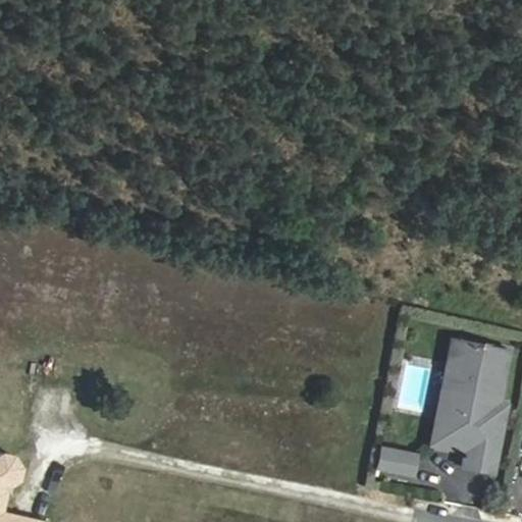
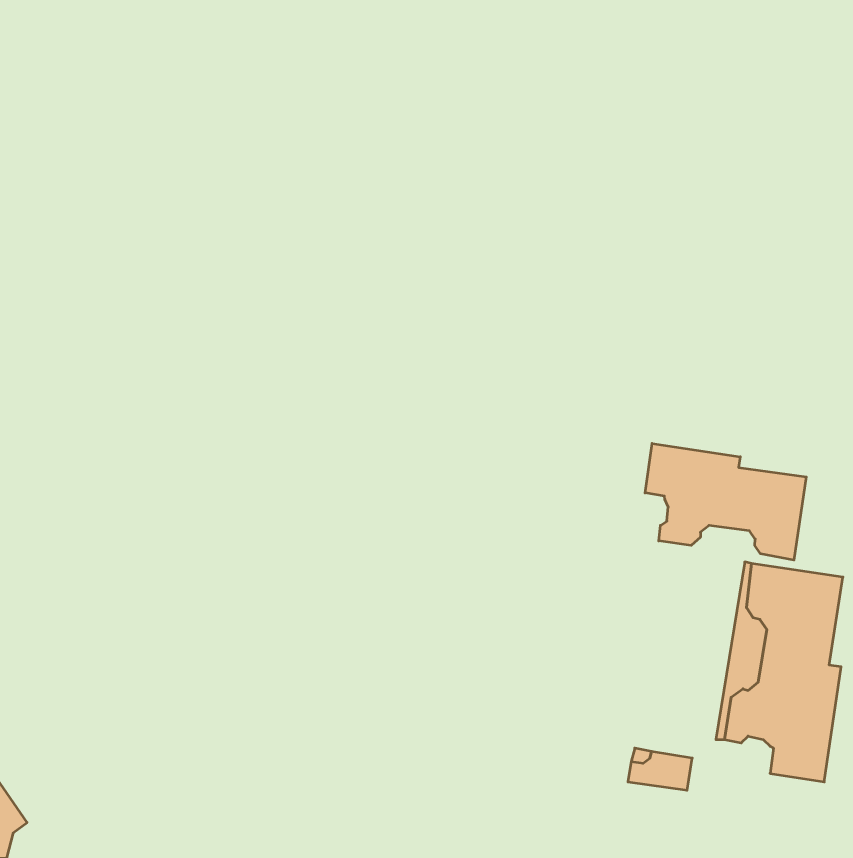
building: none -> [645,443,806,560]

